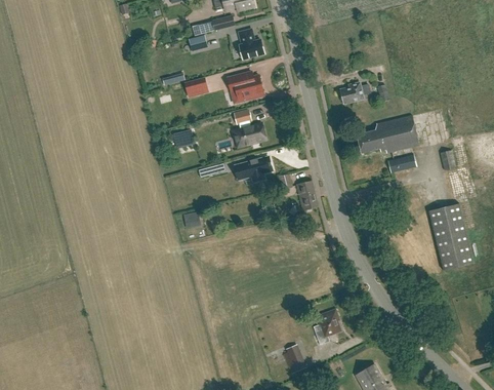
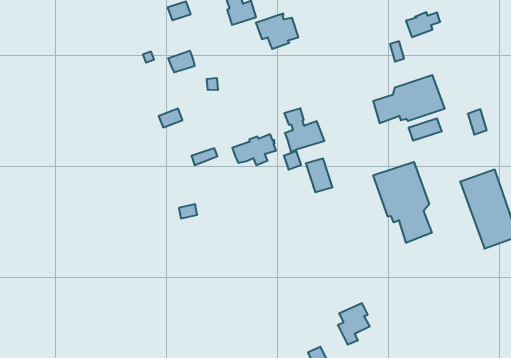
building: [227,71,262,101] -> [256,14,298,49]
building: [341,83,371,104] -> [406,12,440,37]
building: [233,110,266,147] -> [284,108,324,152]
building: none -> [373,162,432,243]

